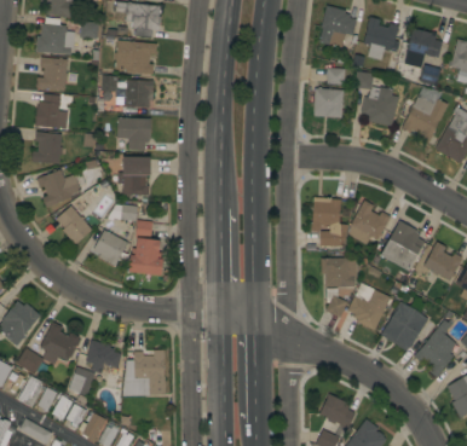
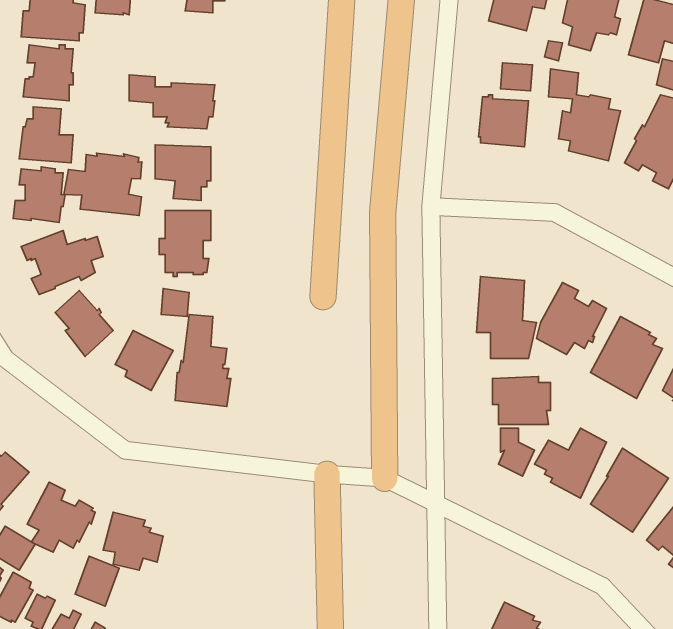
building: [114,40,157,75] -> none
building: none -> [64,153,142,216]
building: [125,349,166,396] -> none

